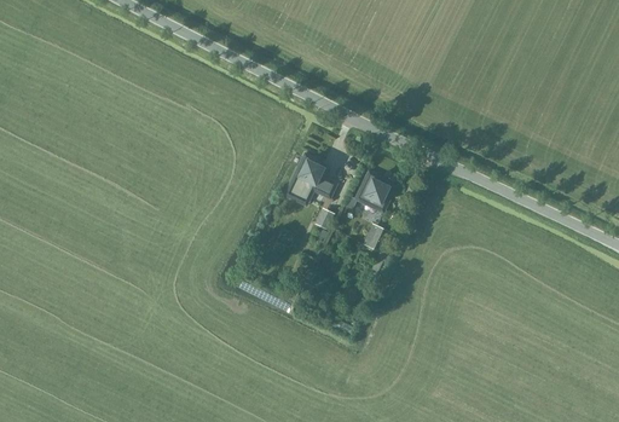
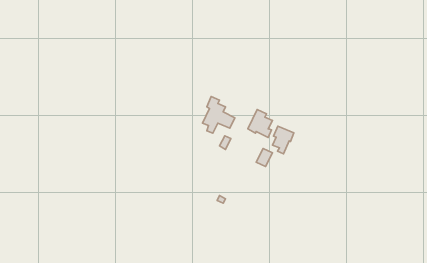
building: none -> [272,126,294,154]

